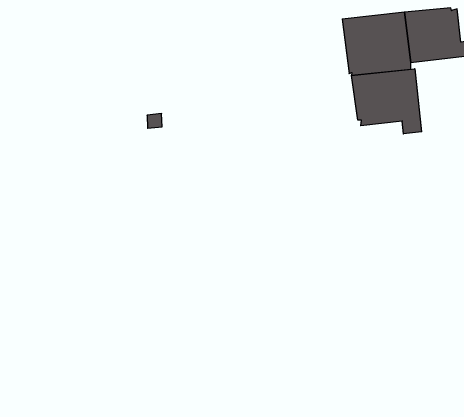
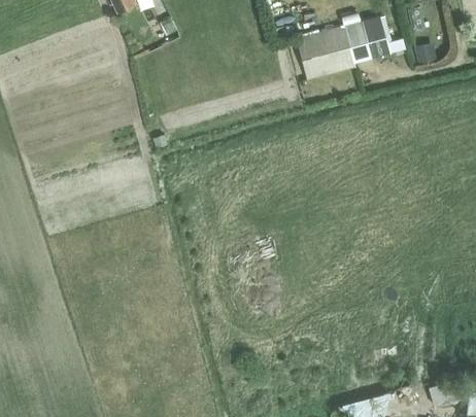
building: [351,69,422,134] -> none

